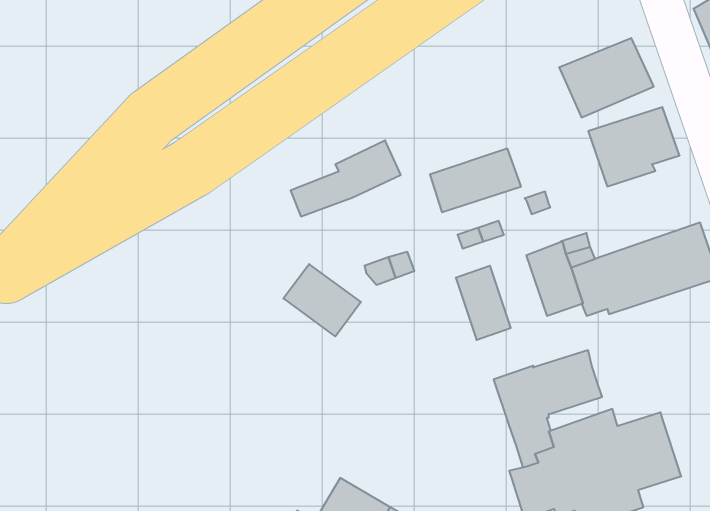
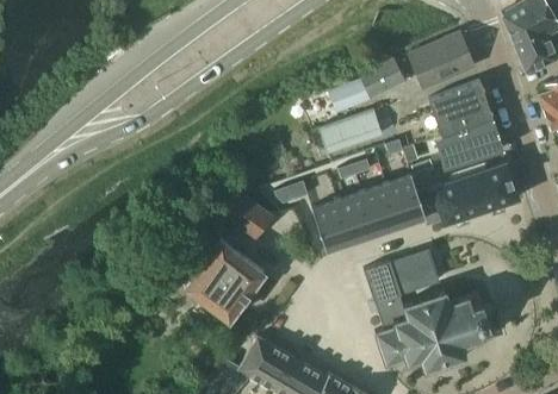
building: [291,140,401,216] -> [329,57,405,110]
building: none -> [436,113,504,169]
building: none -> [361,182,401,232]
building: none -> [312,198,352,249]
building: none -> [185,238,265,319]

